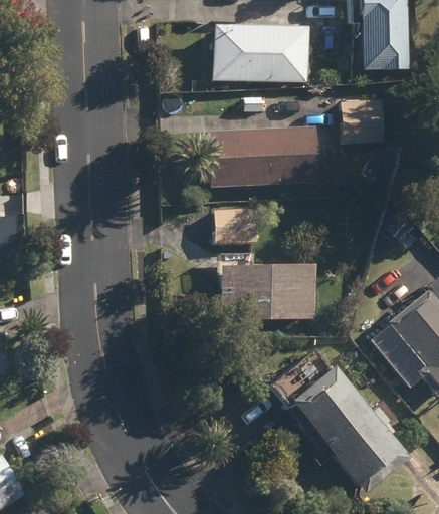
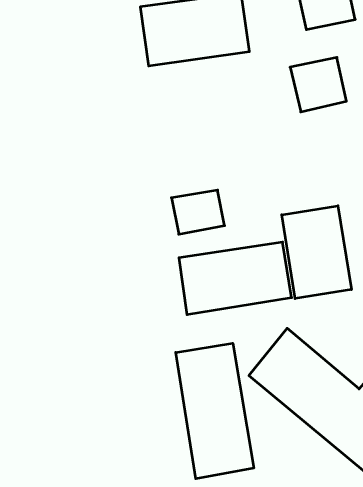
building: [206,126,331,187] -> none
building: none -> [282,206,351,299]
building: none -> [176,343,254,479]

